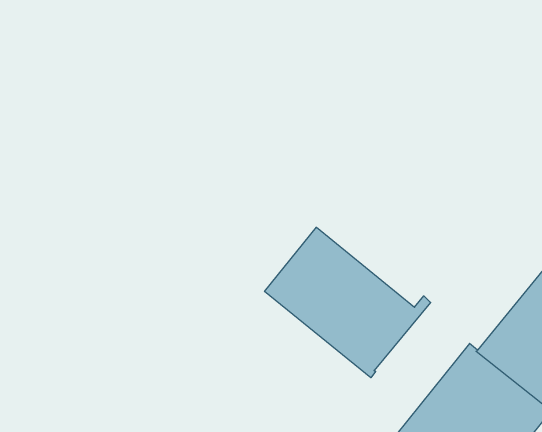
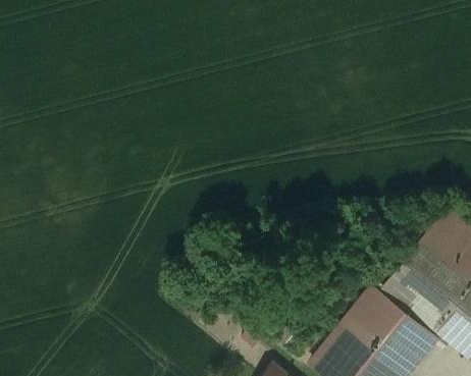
building: [265,227,431,378] -> none

